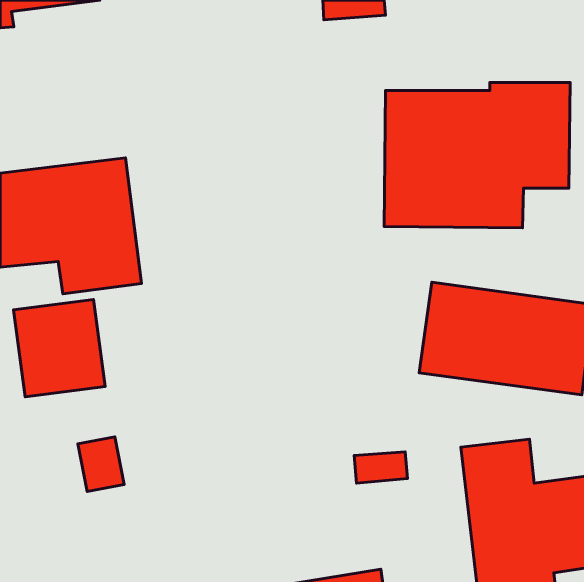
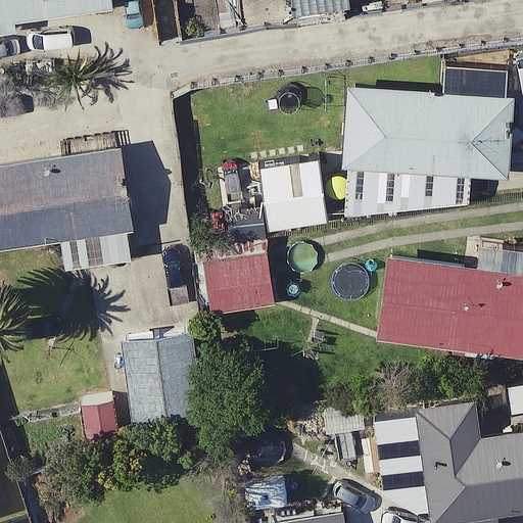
building: none -> [259,160,325,230]
building: none -> [205,237,272,316]
building: [14,299,105,397] -> [121,333,201,419]

